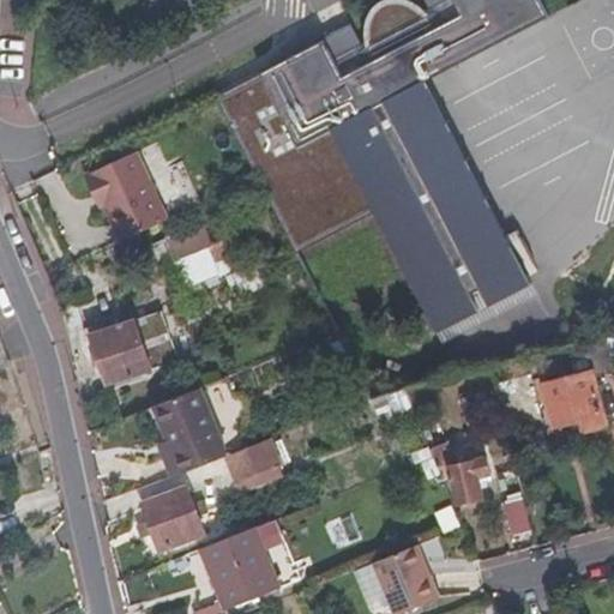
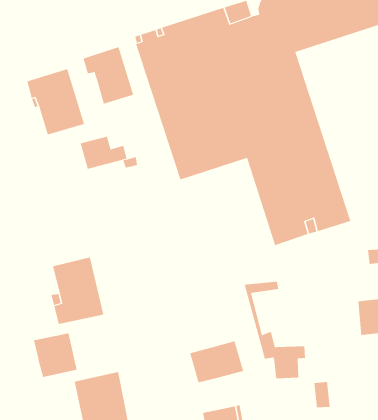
building: none -> [83,47,134,104]
building: [90,318,168,380] -> none
building: [227,439,279,482] -> none
building: none -> [189,341,244,383]

